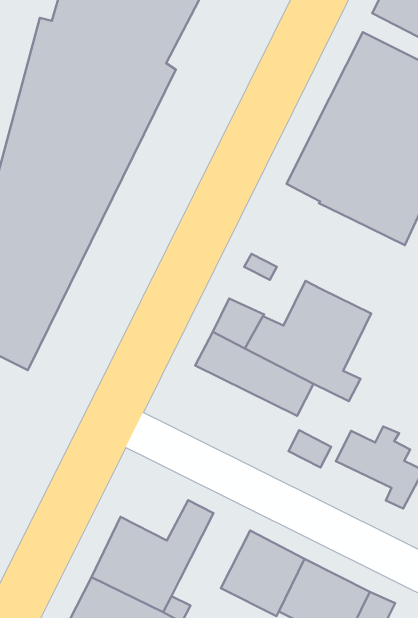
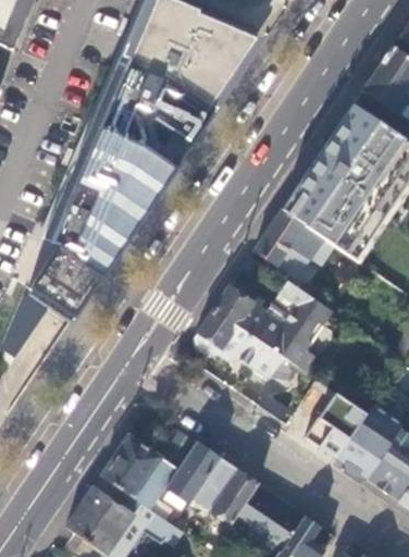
building: none -> [252,208,336,288]
building: none -> [164,442,221,510]

